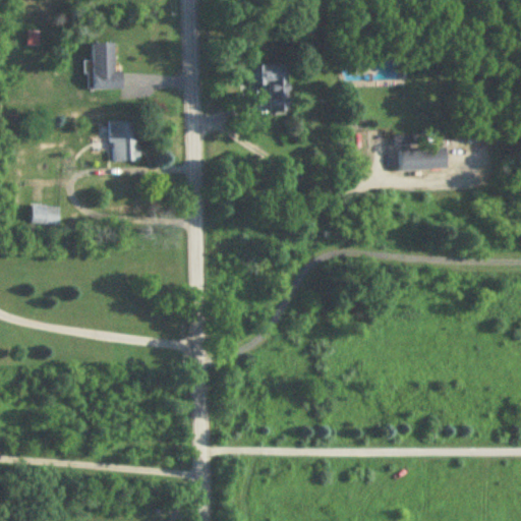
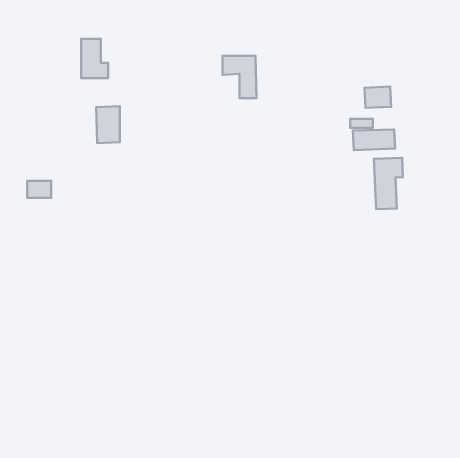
building: none -> [365,87,391,108]
building: none -> [374,158,403,209]

